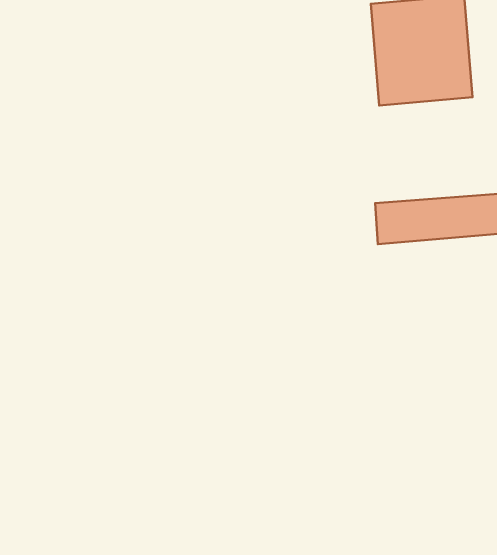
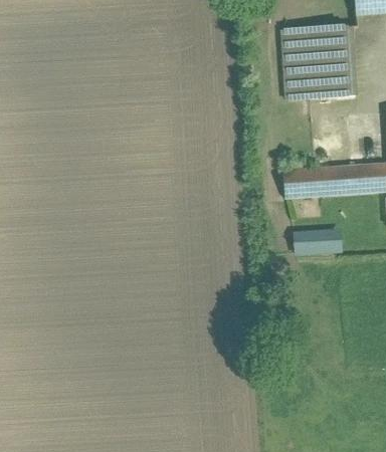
building: none -> [294,228,332,254]

